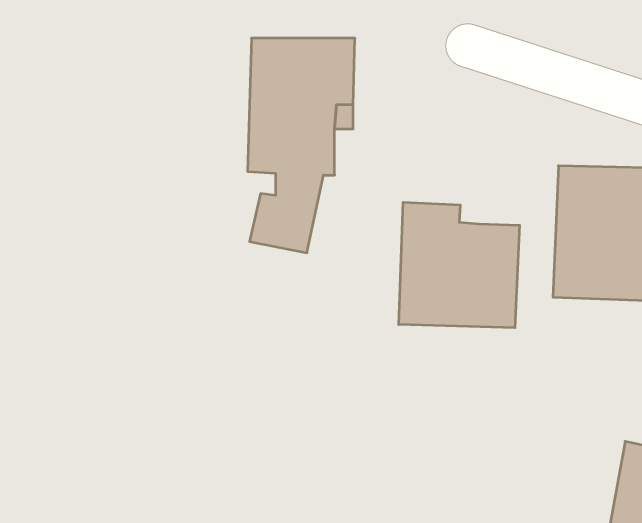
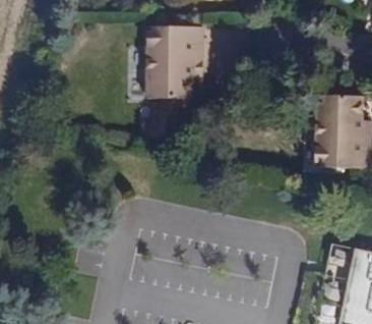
building: [399,202,520,328] -> none

